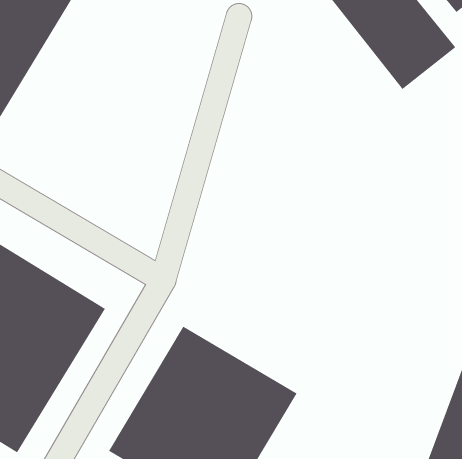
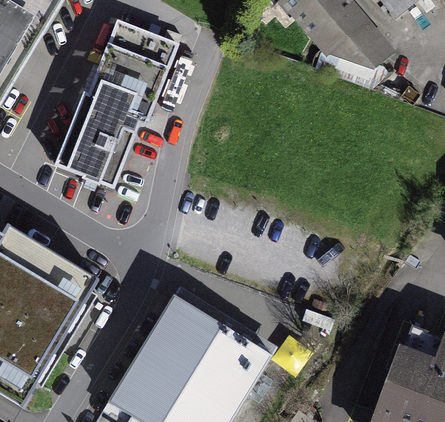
building: none -> [60,20,176,192]

